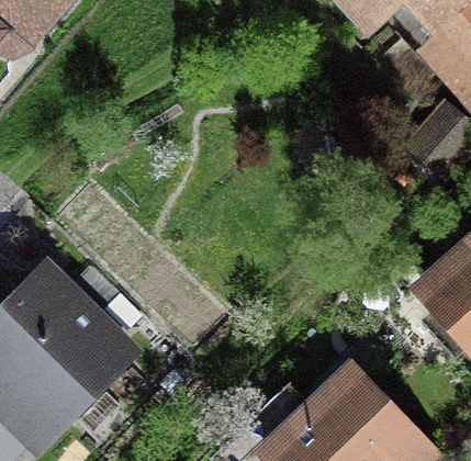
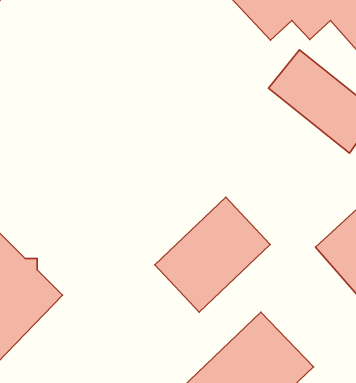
building: none -> [155,197,270,312]

